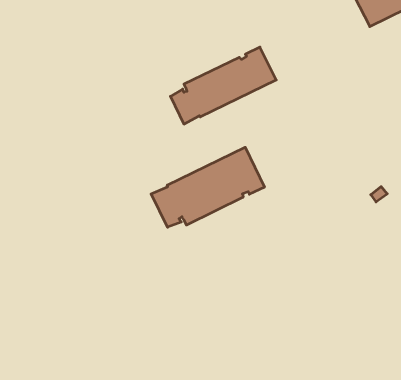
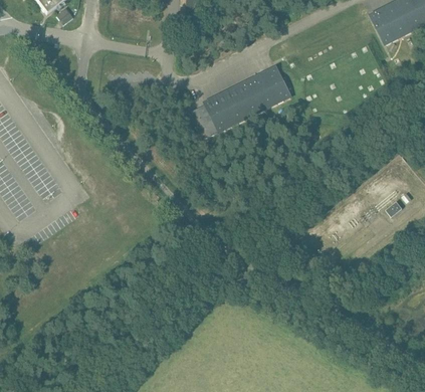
building: [151,147,264,227] -> none

